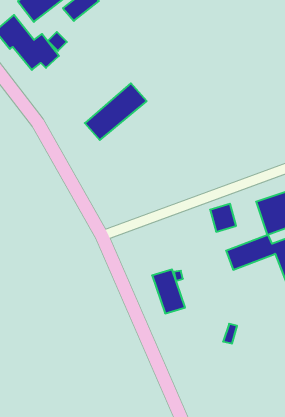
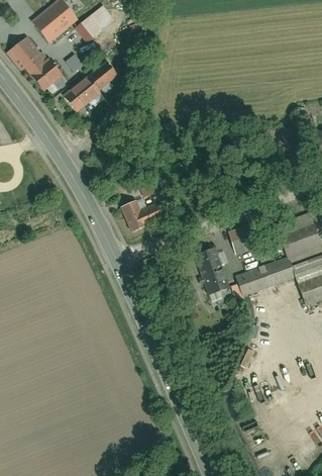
building: [85,83,147,140] -> [63,57,125,114]
building: none -> [121,201,165,233]
building: [152,269,185,313] -> [195,249,228,293]

